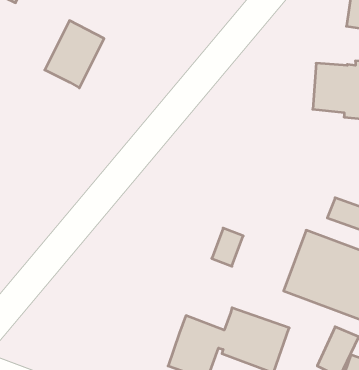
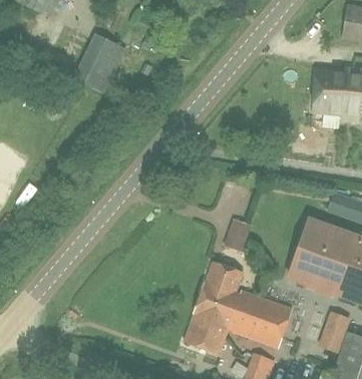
building: none -> [200,260,243,309]

